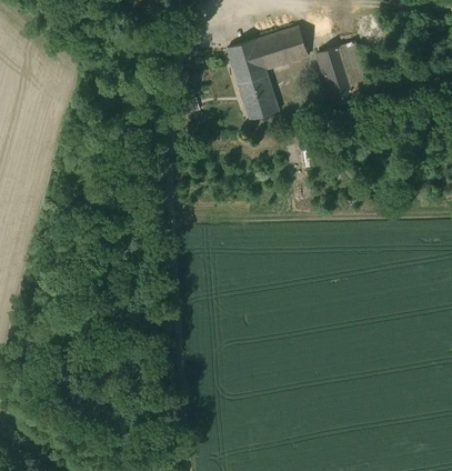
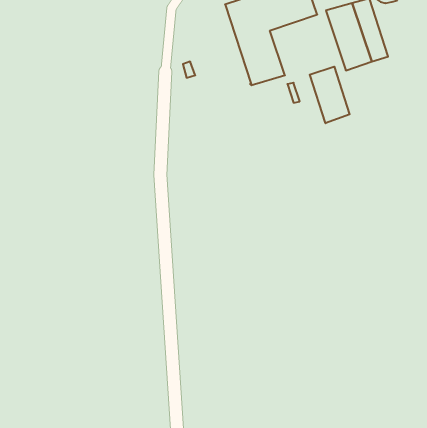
building: none -> [310,67,350,123]

